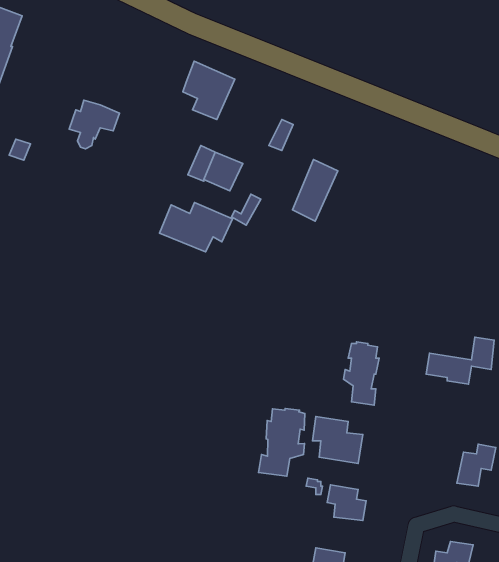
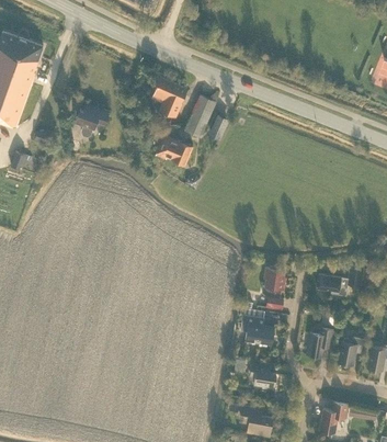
building: [292,159,338,221] -> [185,95,216,137]
building: [160,203,232,252] -> none
building: [258,408,305,476] -> none
building: none -> [307,328,333,358]

